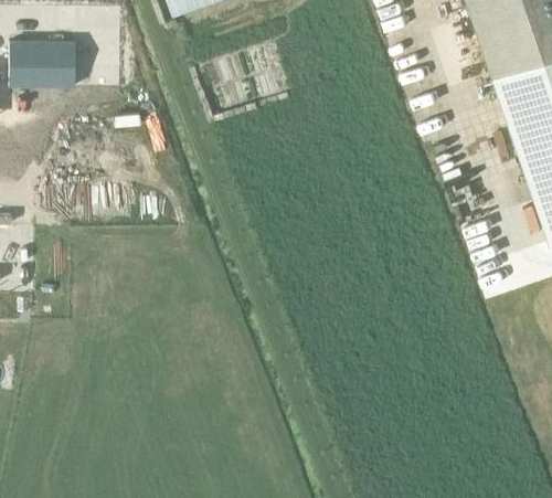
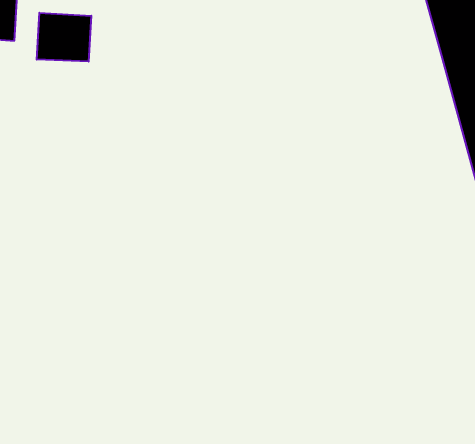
building: none -> [37,13,91,62]

